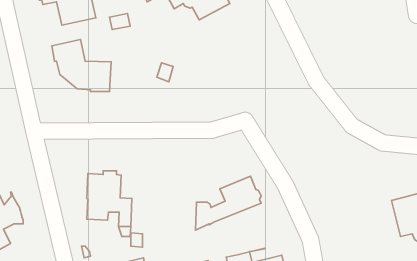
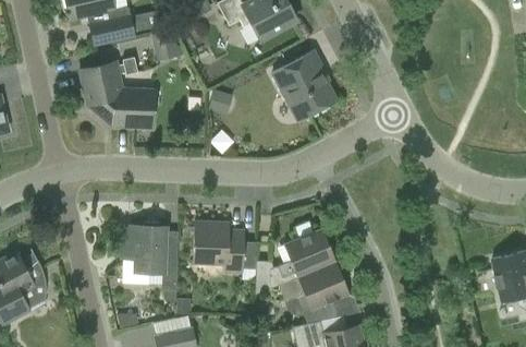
building: none -> [272,50,333,117]
building: none -> [193,226,244,272]
building: none -> [278,261,347,323]

